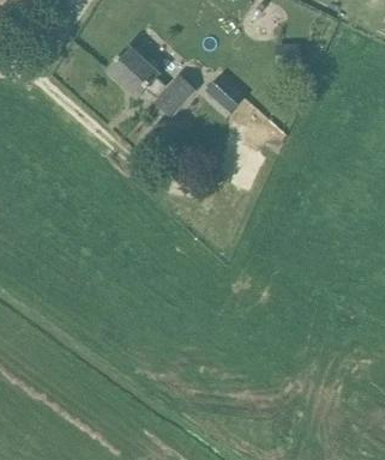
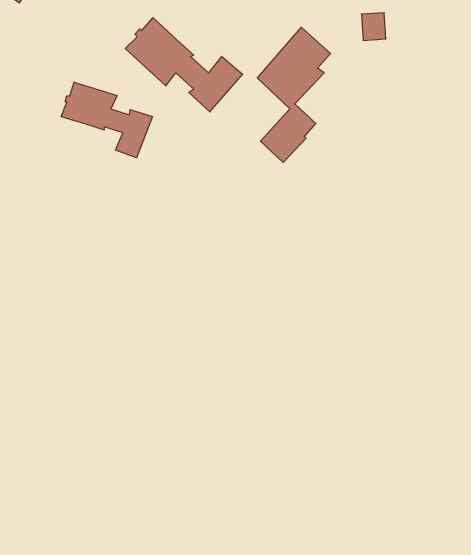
building: none -> [61,82,153,158]

